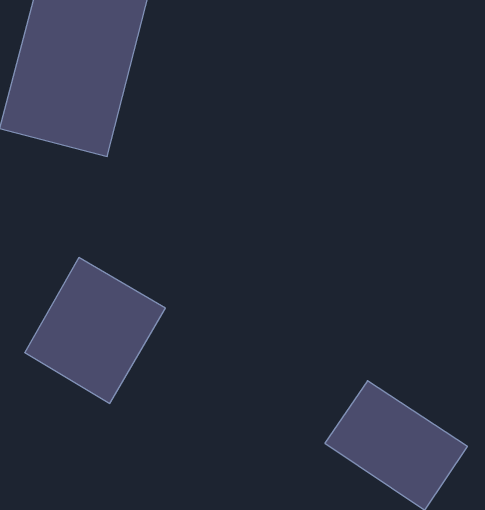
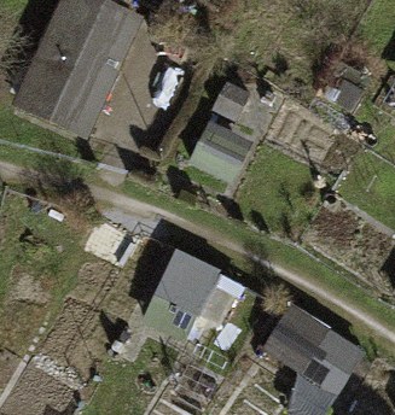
building: [25,258,165,403] -> [135,245,239,352]

